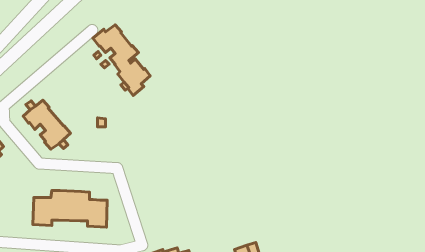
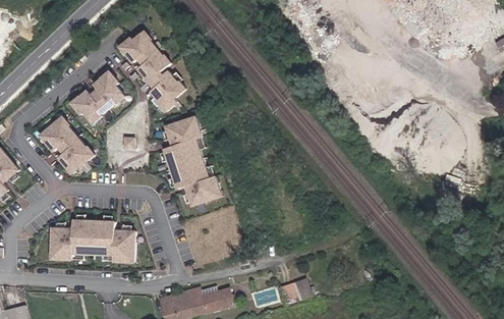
building: none -> [70,70,124,122]
building: none -> [164,116,221,205]

